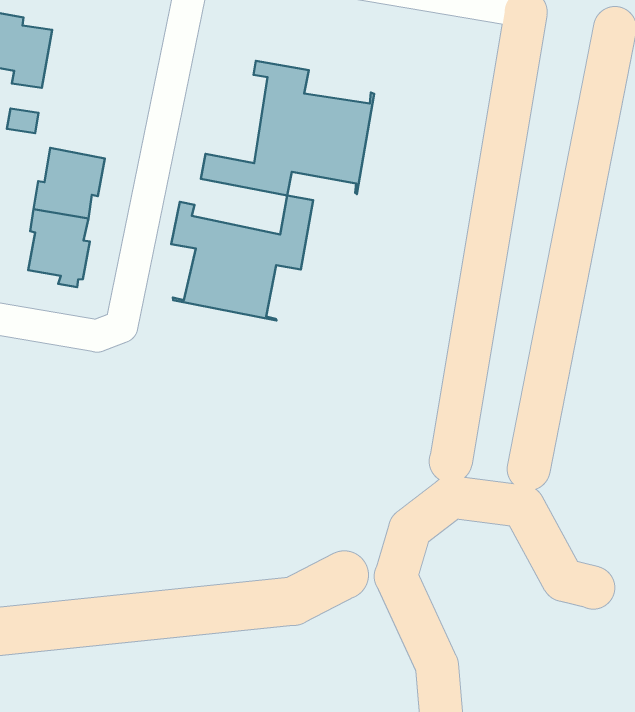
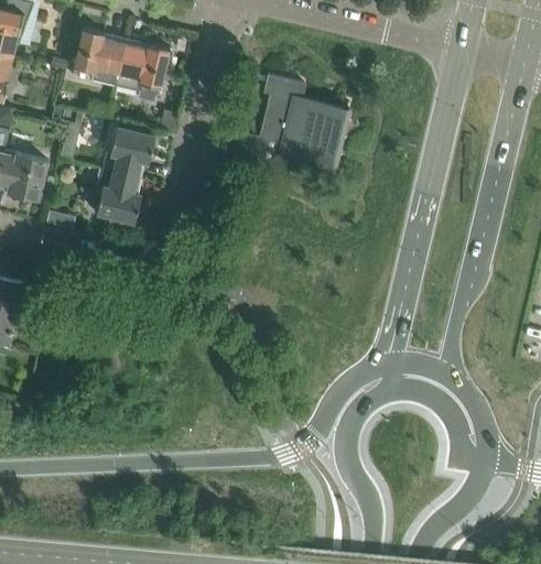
building: none -> [113,43,171,100]
building: [171,195,313,321] -> none

